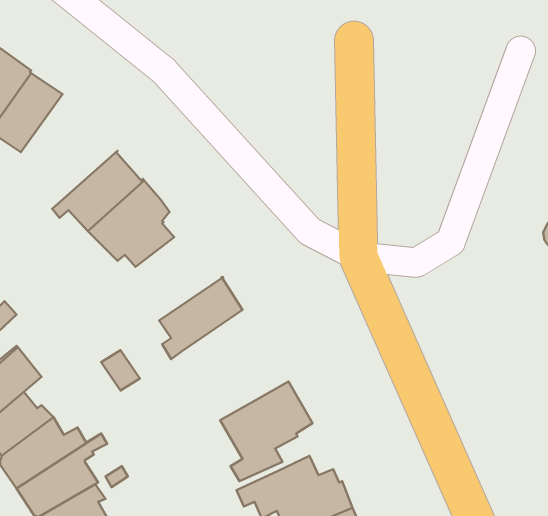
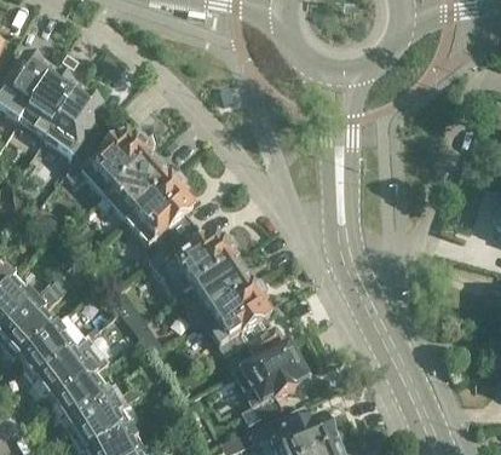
building: none -> [67,131,149,196]
building: none -> [163,225,235,293]
building: none -> [201,284,288,358]

